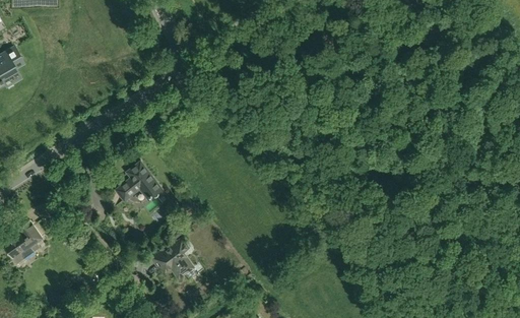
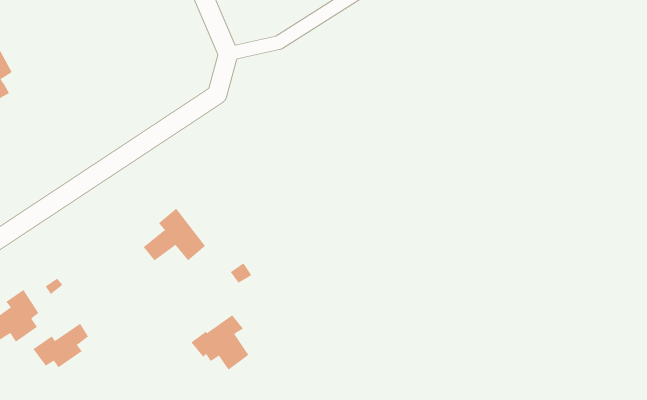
building: none -> [32,323,89,368]

